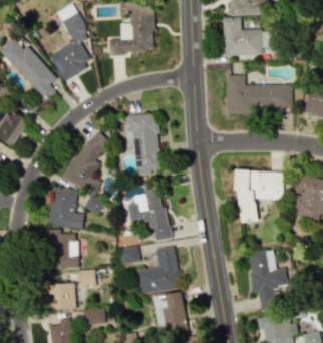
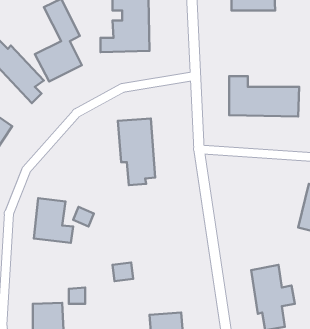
building: [223,16,272,55] -> none
building: [66,128,108,193] -> none
building: [236,169,283,222] -> none
building: [127,191,169,240] -> none
building: [45,228,78,267] -> none
building: [138,246,179,293] -> none

